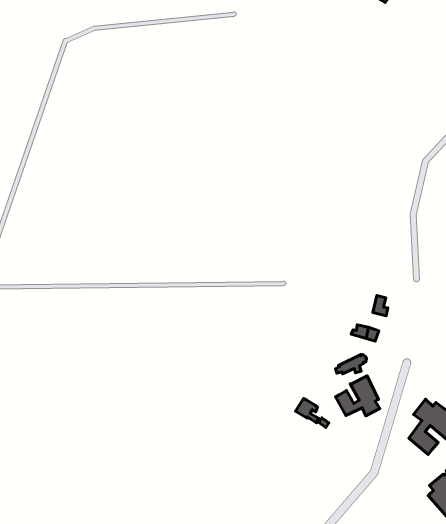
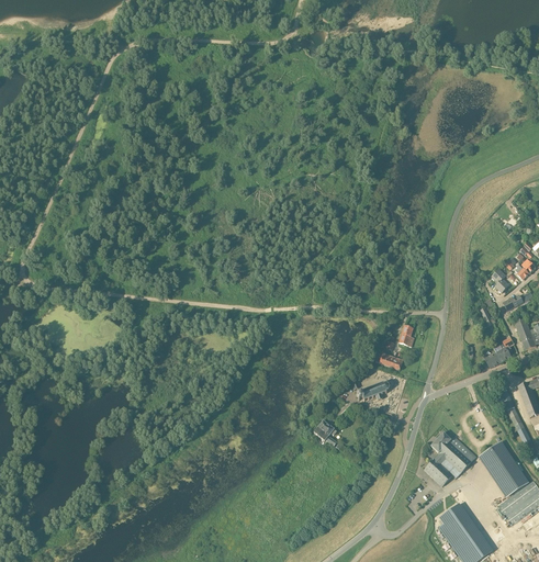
building: [336,376,380,416] -> none

